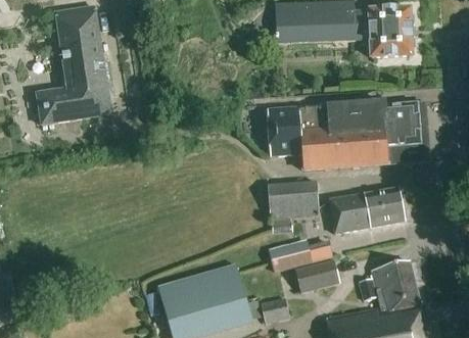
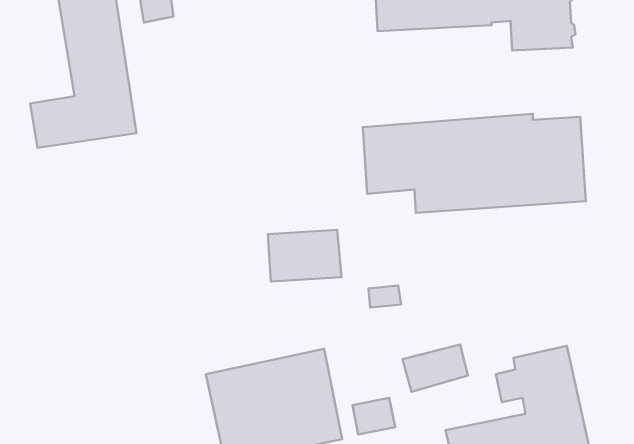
building: [268,181,319,216] -> [268,230,342,281]
building: [329,187,405,233] -> none
building: [269,241,311,274] -> none

